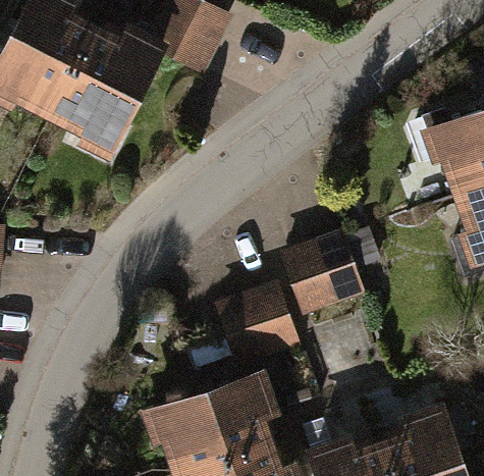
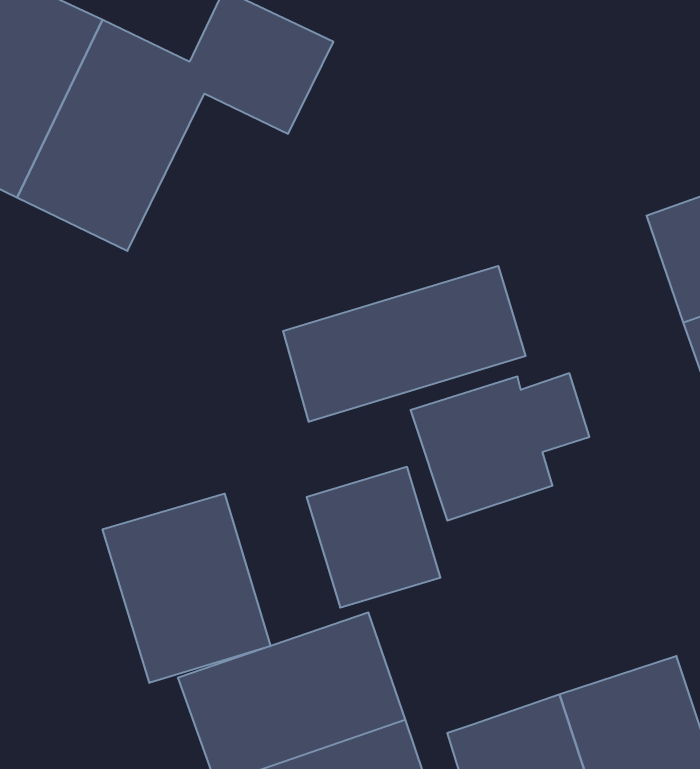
building: none -> [283,266,526,422]
building: none -> [103,494,270,683]

